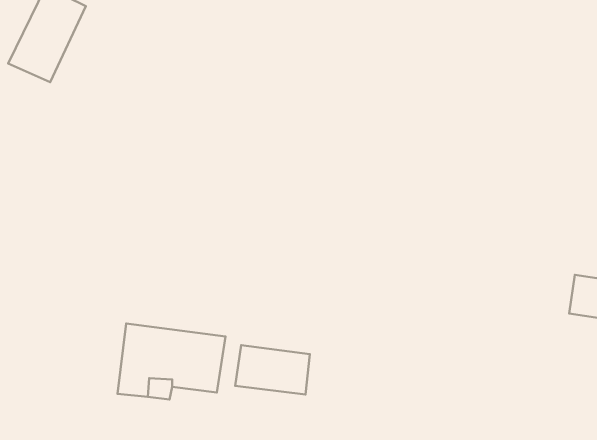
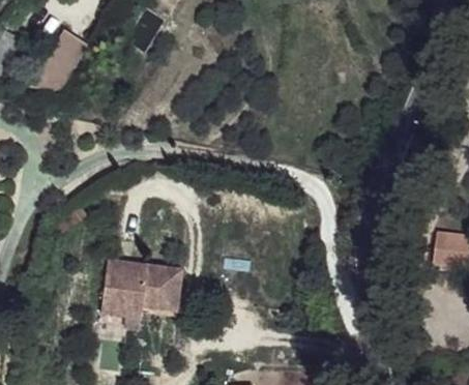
building: [235,345,310,395] -> none

